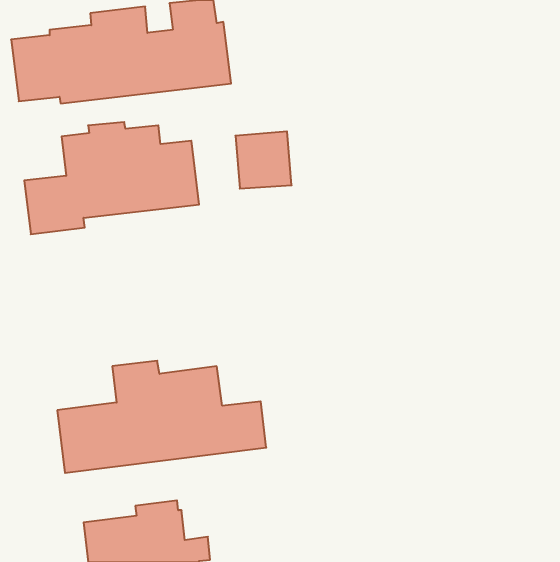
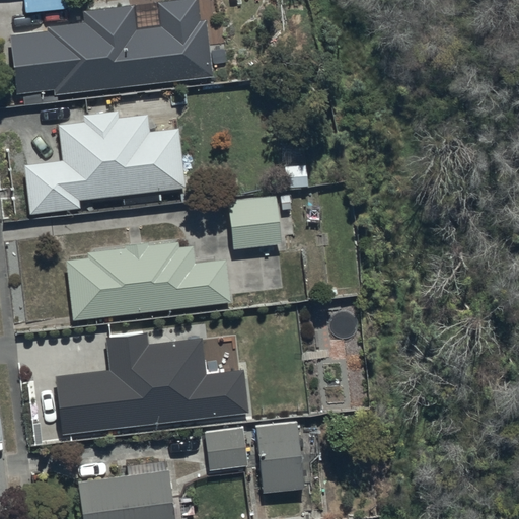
building: [235,131,292,189] -> [229,197,281,249]
building: none -> [67,242,230,320]
building: none -> [206,420,304,494]

